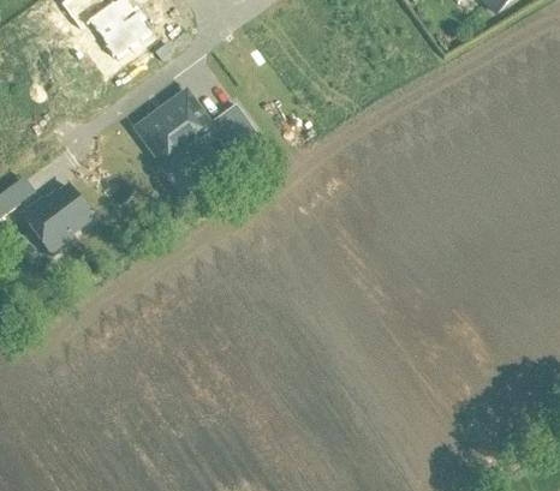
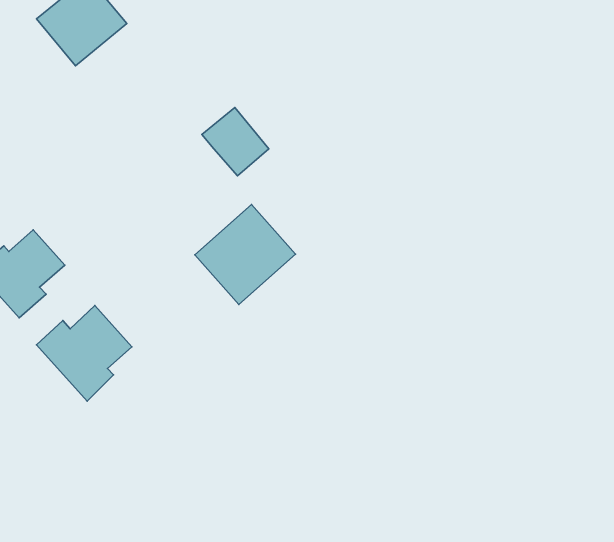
building: [137,92,216,170] -> [195,204,296,305]
building: none -> [37,306,132,401]

